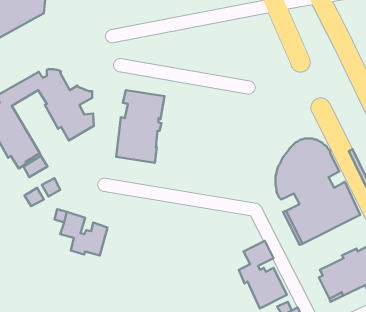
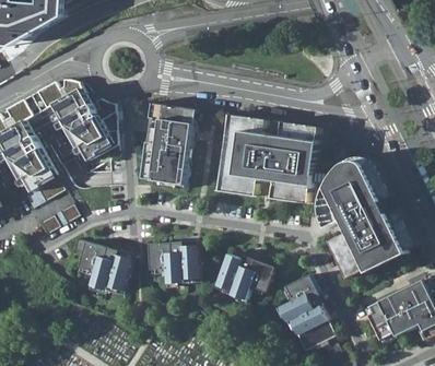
building: none -> [216,115,317,204]
building: none -> [148,243,198,283]
building: none -> [214,253,273,300]

